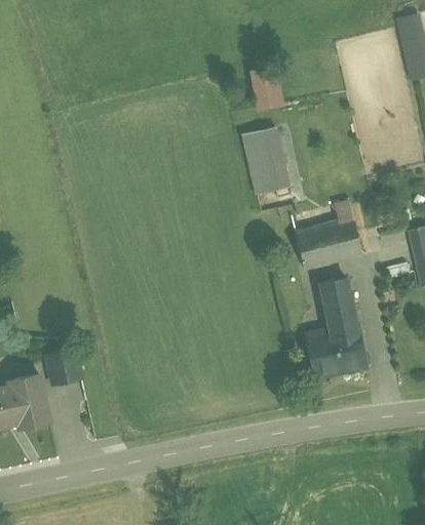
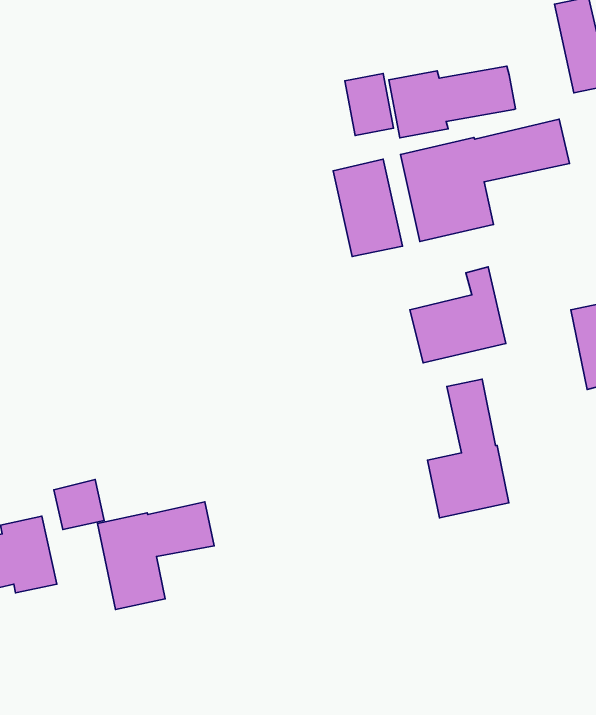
building: none -> [389,66,515,138]
building: none -> [400,119,569,242]
building: none -> [98,502,214,609]

